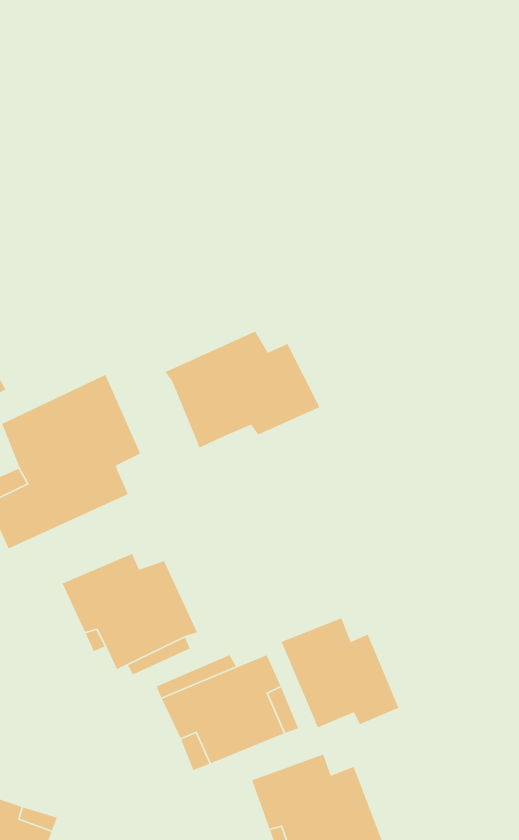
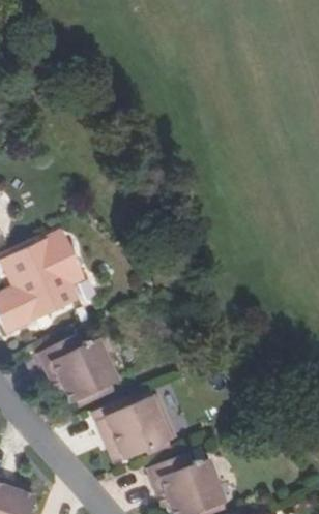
building: [164,331,320,448] -> none
building: [281,617,399,728] -> none

